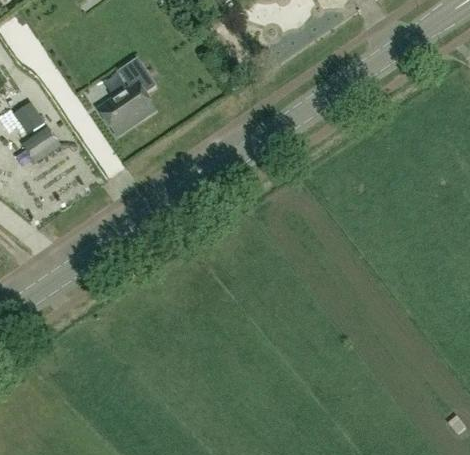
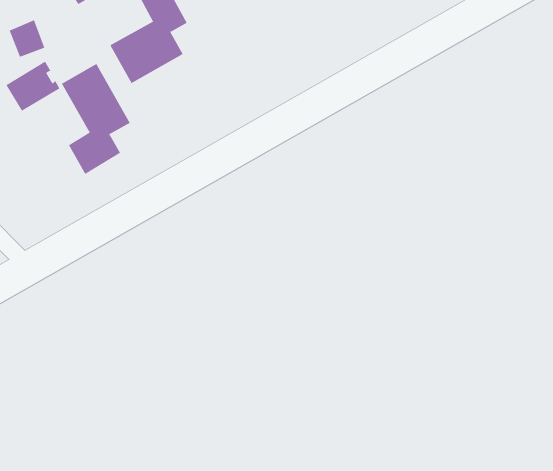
building: none -> [61,63,130,175]

